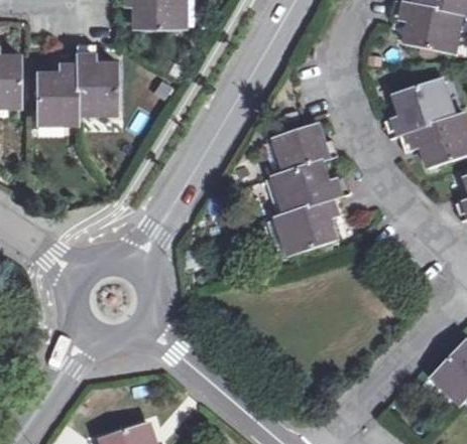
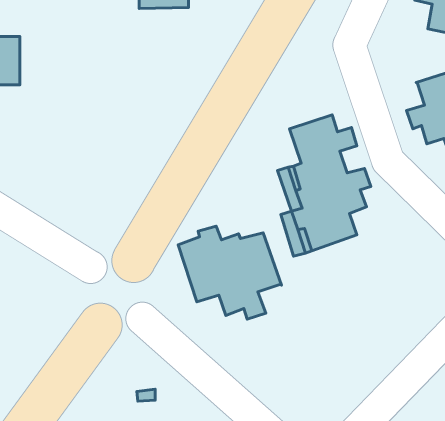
building: [37,41,118,119] -> none
building: none -> [178,226,281,319]

